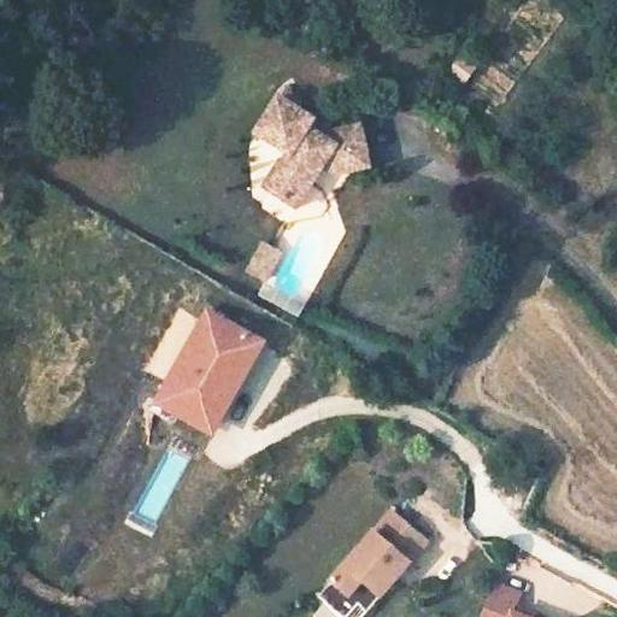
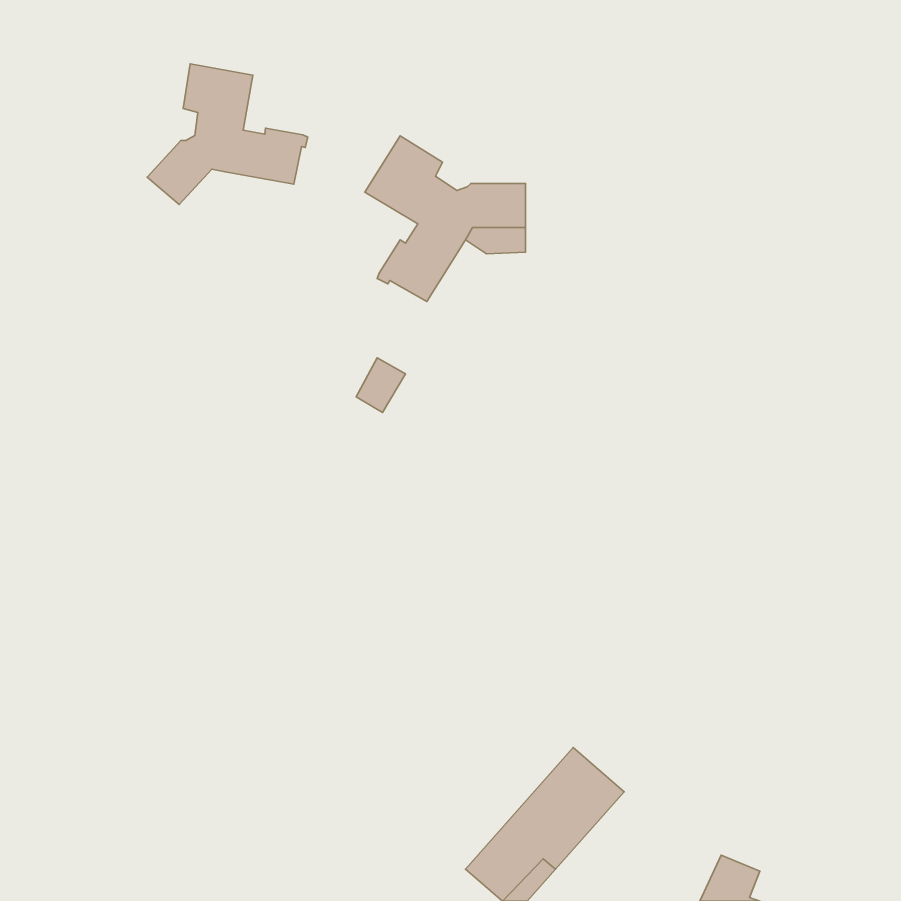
building: none -> [147,64,308,204]
building: [163,316,263,429] -> none

